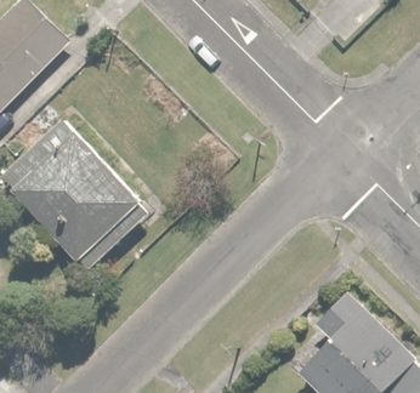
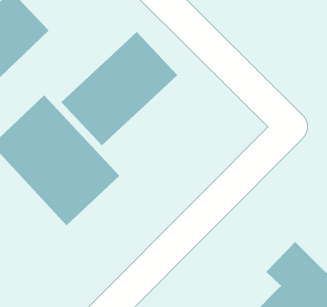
building: none -> [61,31,178,146]

